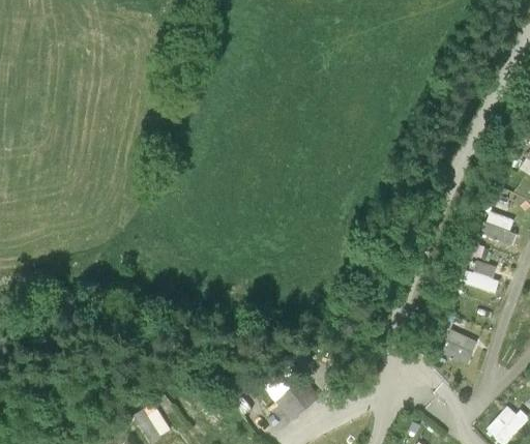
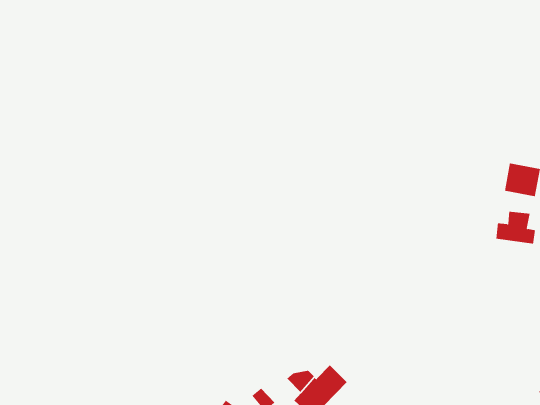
building: [441,329,479,364] -> none

